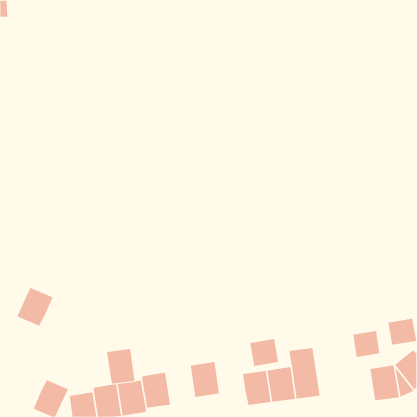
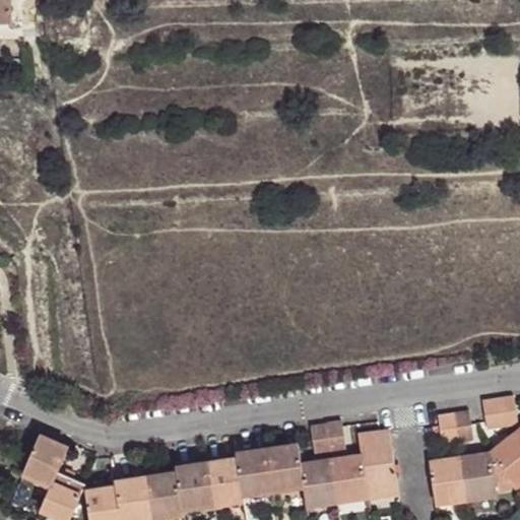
building: [17,287,53,326] -> [22,437,68,485]
building: [106,348,136,384] -> [206,459,243,504]
building: none -> [267,445,304,490]
building: none -> [429,459,465,504]

